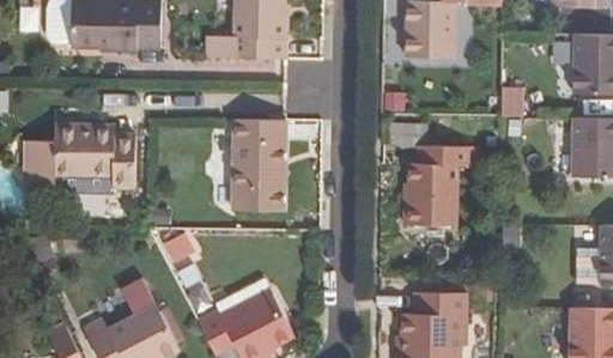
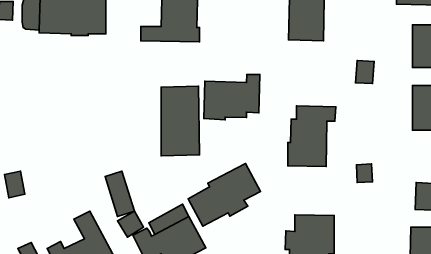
building: none -> [204,74,260,120]
building: [28,123,136,186] -> none
building: none -> [188,164,260,226]

